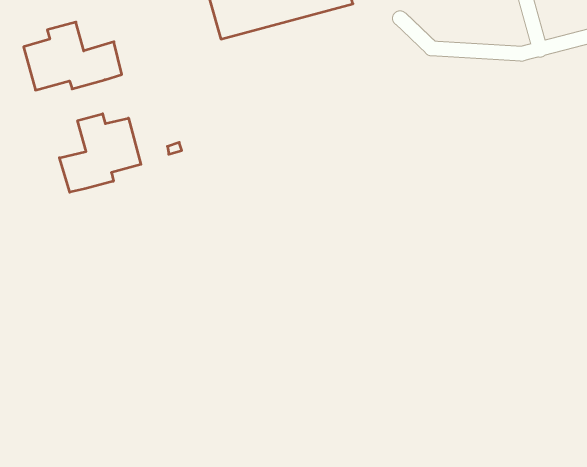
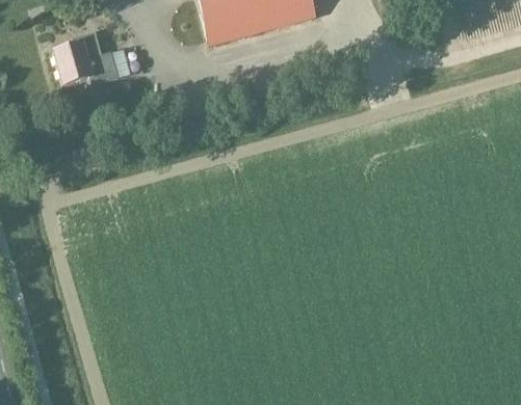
building: [59,114,141,192] -> none

